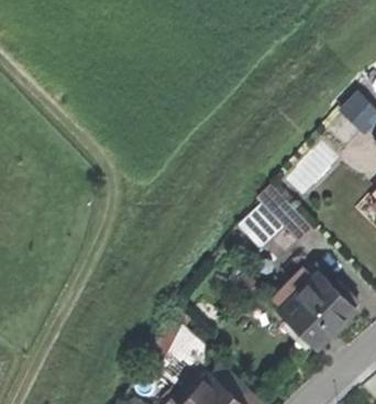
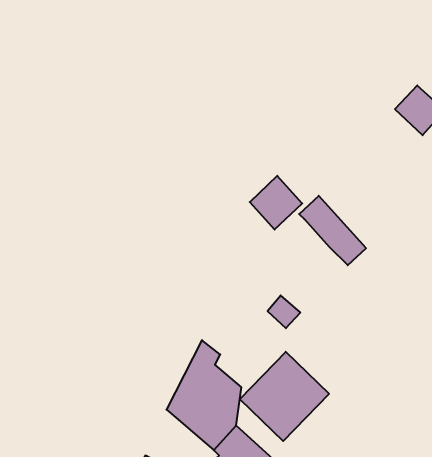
building: [240,201,284,247] -> [250,176,302,230]
building: [277,274,352,349] -> [240,352,329,441]

